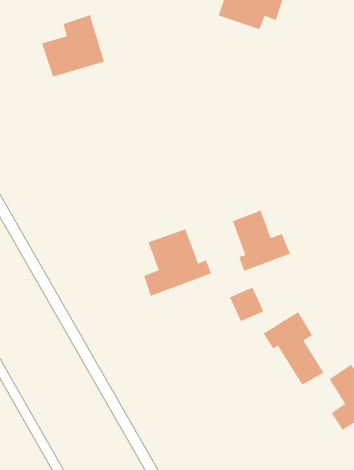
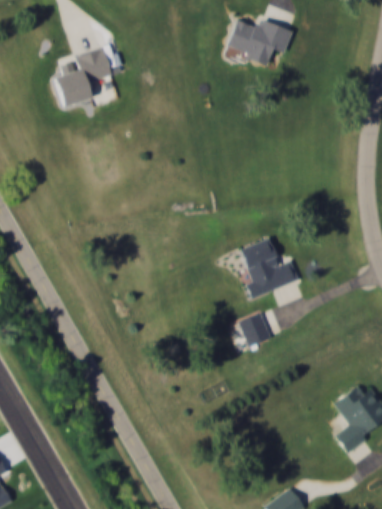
building: [143,229,212,297] -> none
building: [263,311,324,386] -> none

